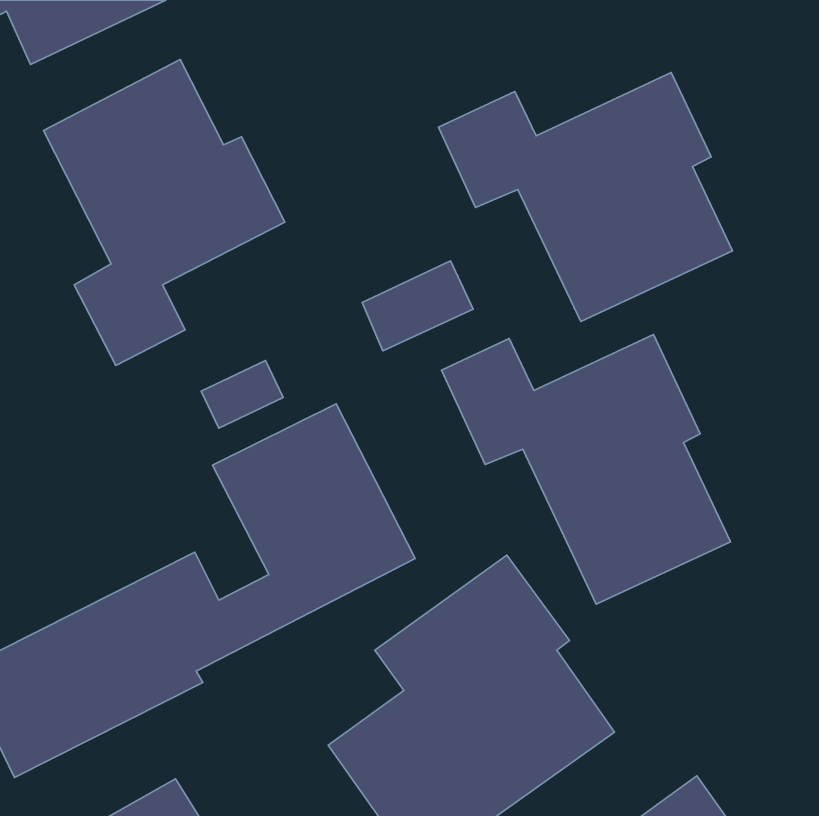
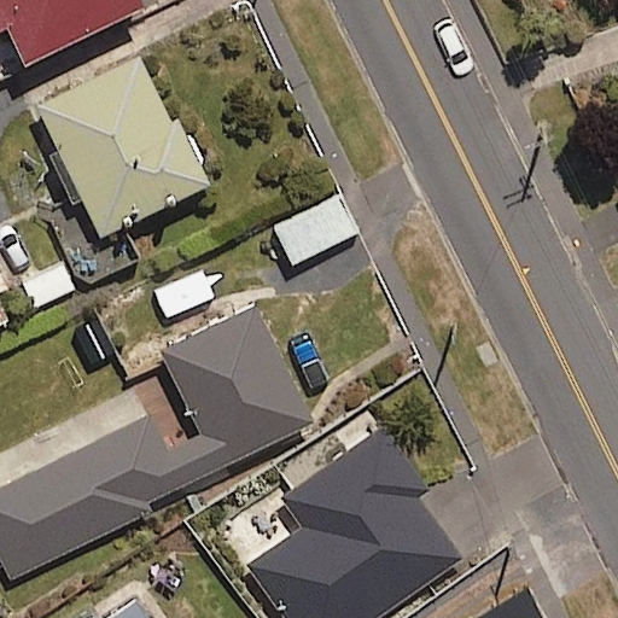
building: [438,72,732,321] -> none
building: [442,335,730,604] -> none

